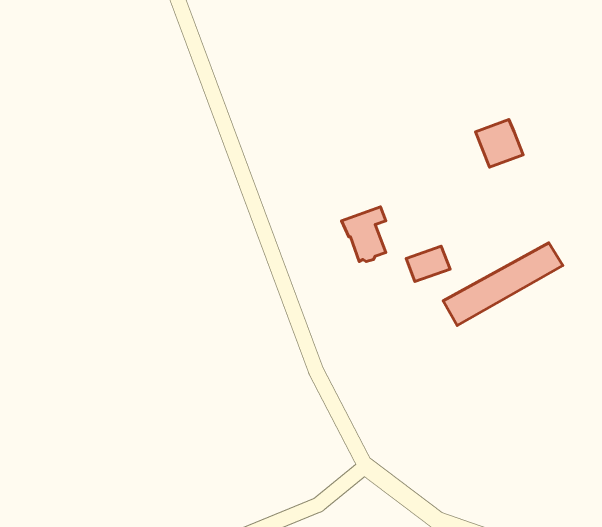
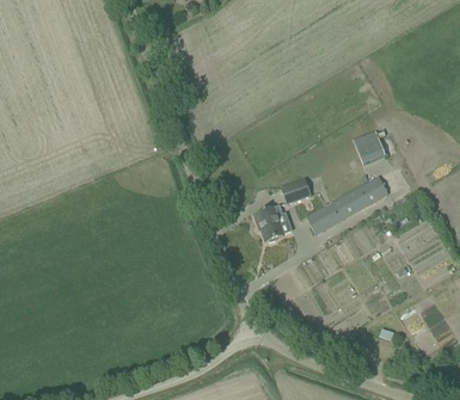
building: [476,120,523,167] -> [354,130,386,162]
building: [342,207,386,261] -> [254,203,284,240]

